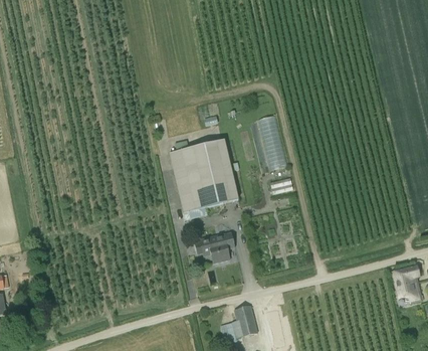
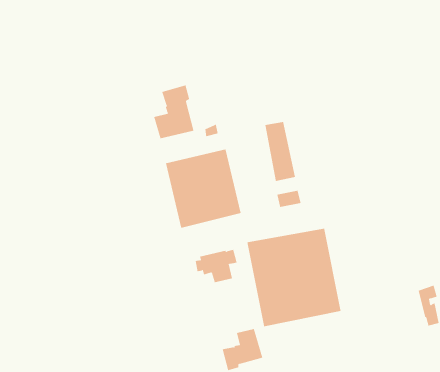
building: none -> [154,85,194,139]
building: none -> [247,228,341,327]

